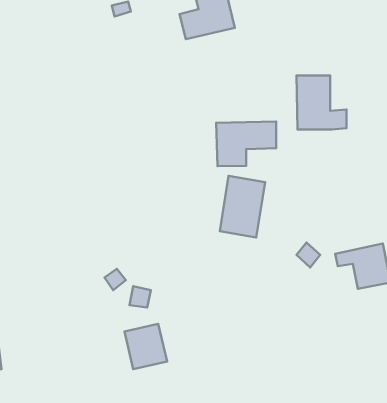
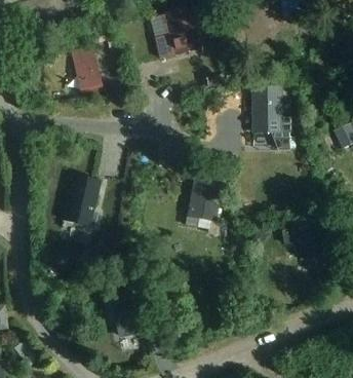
building: none -> [71,47,104,96]
building: [216,122,276,166] -> none
building: none -> [61,179,99,229]

